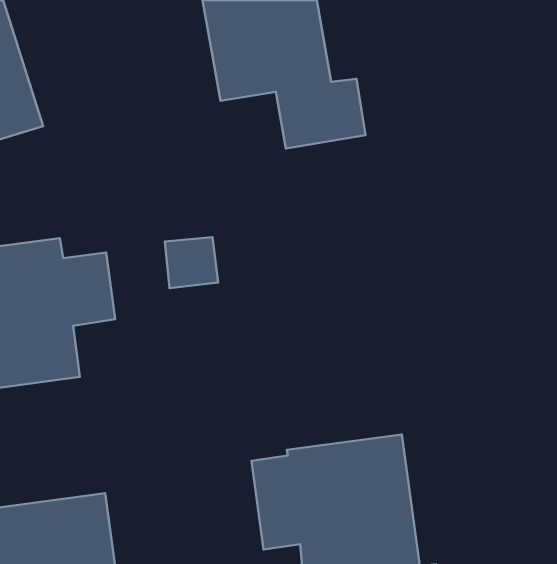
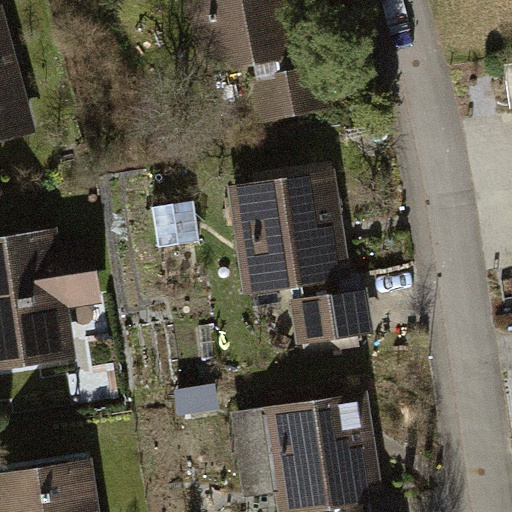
building: none -> [225,176,371,355]

